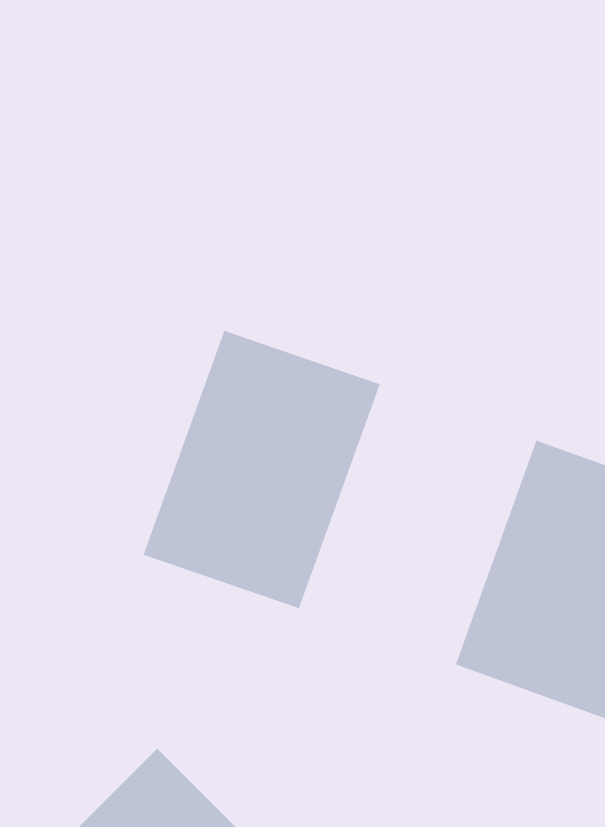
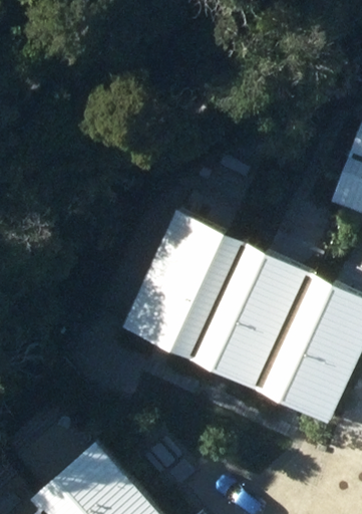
building: none -> [172,237,304,394]

